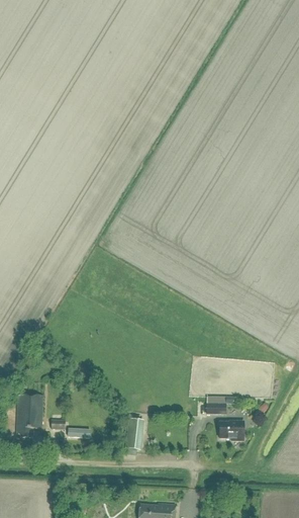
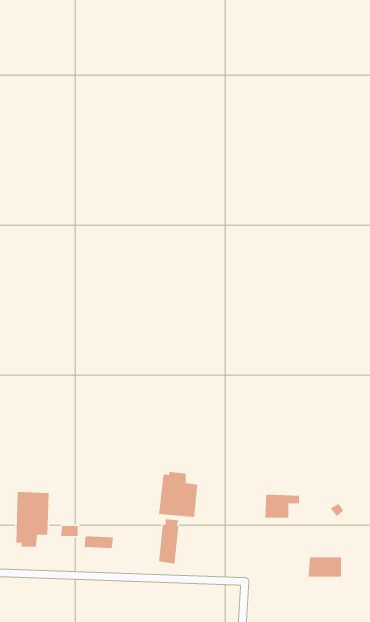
building: none -> [158,471,198,518]
building: [218,422,244,438] -> [308,557,342,578]

